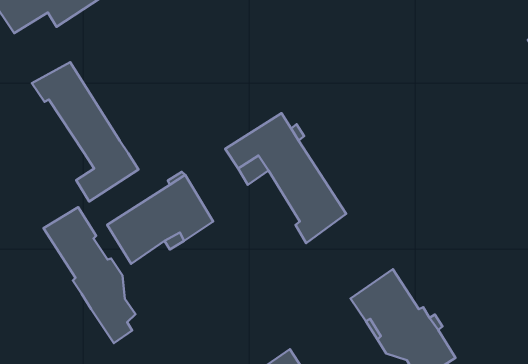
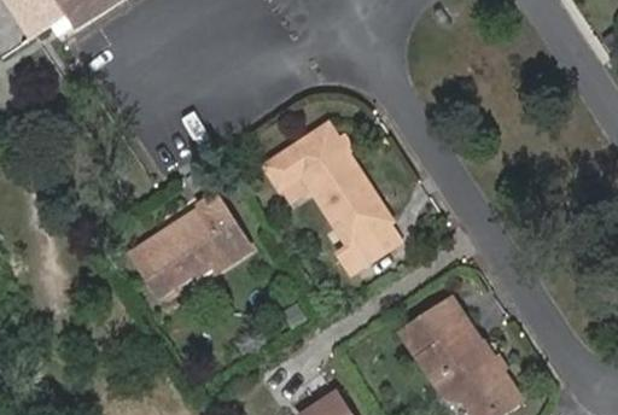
building: [32,62,138,201] -> none
building: [43,207,135,343] -> none

